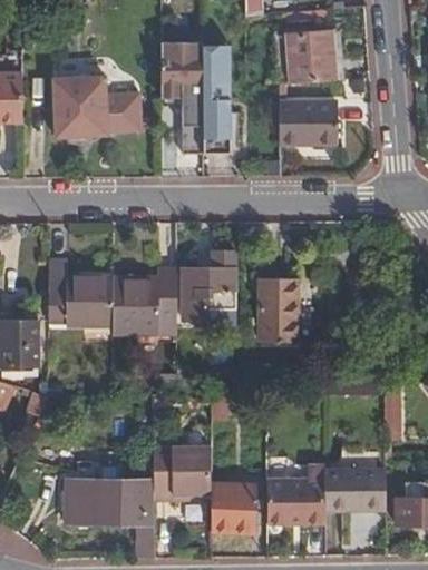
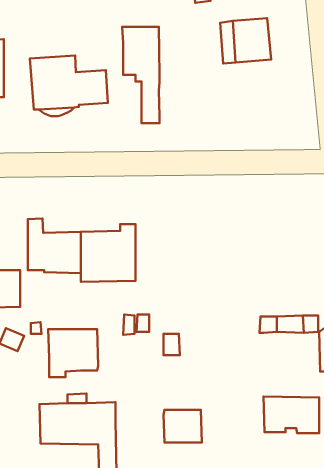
building: [202,42,232,151] -> none
building: [279,100,337,142] -> none
building: [181,269,233,309] -> none
building: [259,279,295,341] -> none
building: [150,442,208,498] -> [48,329,98,377]
building: [263,469,324,522] -> none

